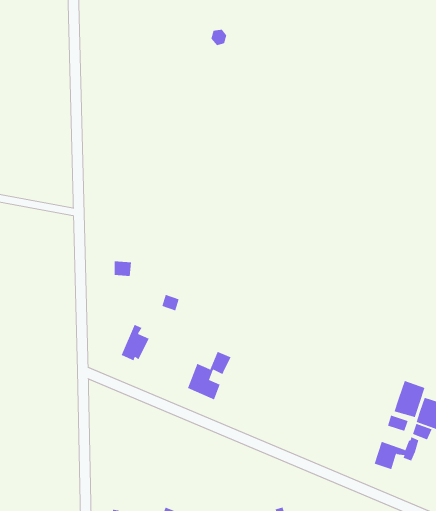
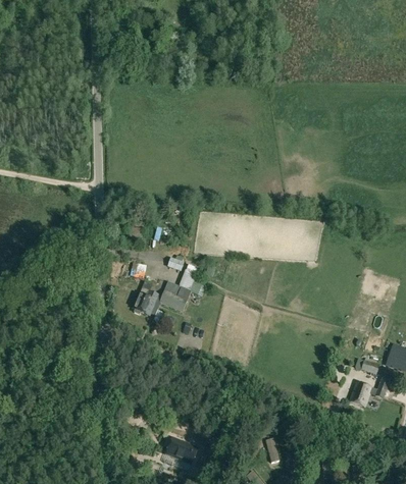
building: [187,351,231,400] -> [159,270,197,312]
building: [394,380,425,418] -> none

